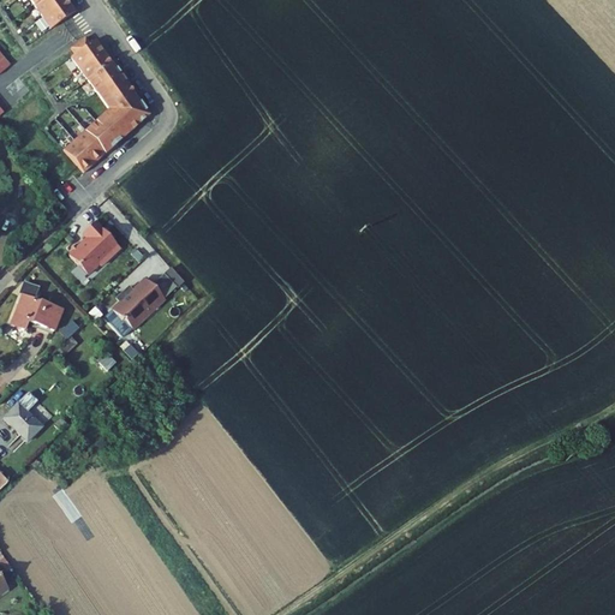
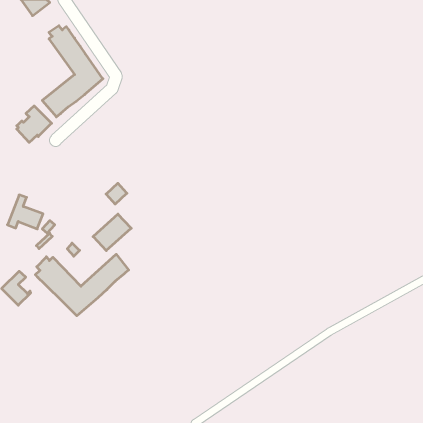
building: [71,223,121,276] -> [17,106,52,142]
building: [105,269,160,322] -> [93,214,131,251]
building: none -> [35,254,129,316]

